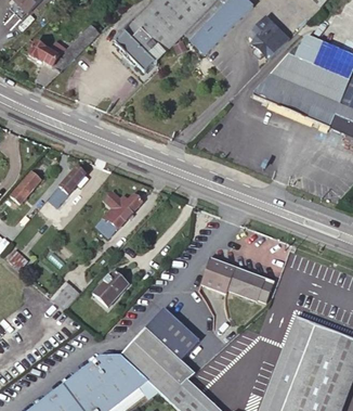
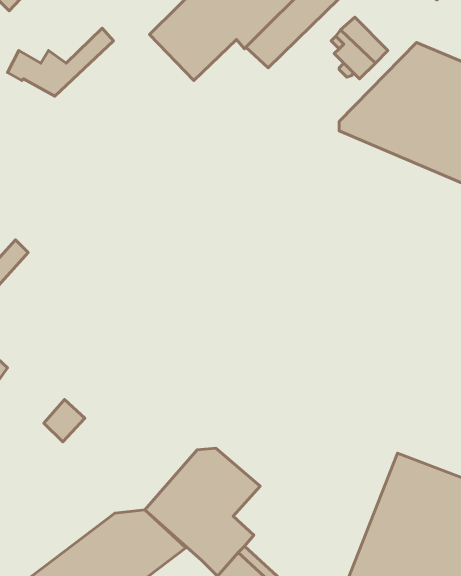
building: [114,29,154,70] -> none
building: [49,166,89,205] -> none
building: [97,191,141,236] -> none
building: [199,258,272,301] -> none
building: [92,269,128,306] -> none

